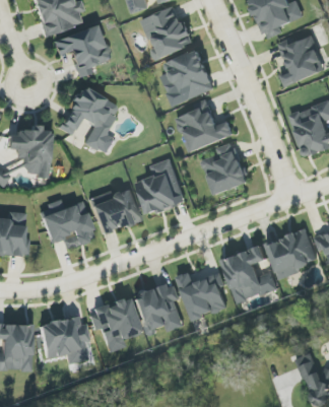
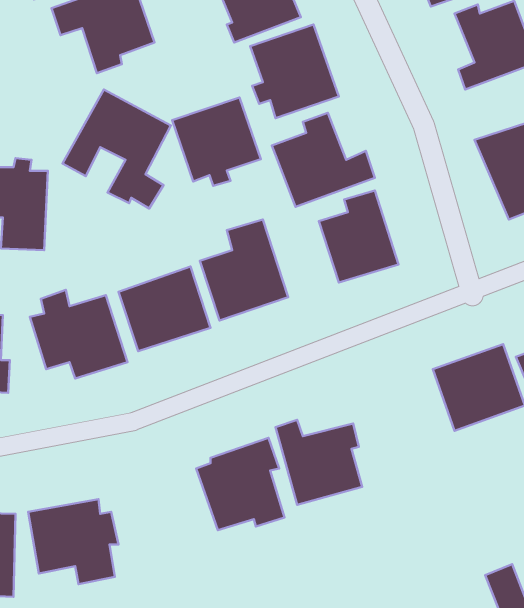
building: none -> [172,98,261,186]
building: [221,245,278,303] -> none
building: [88,296,141,351] -> none

